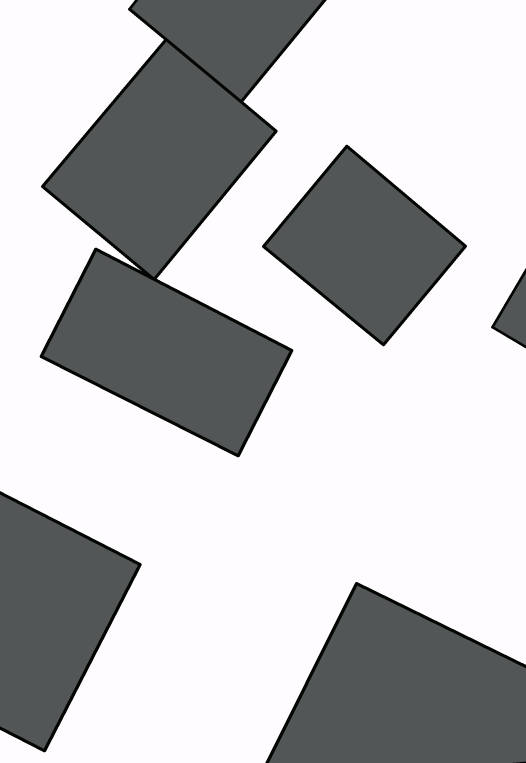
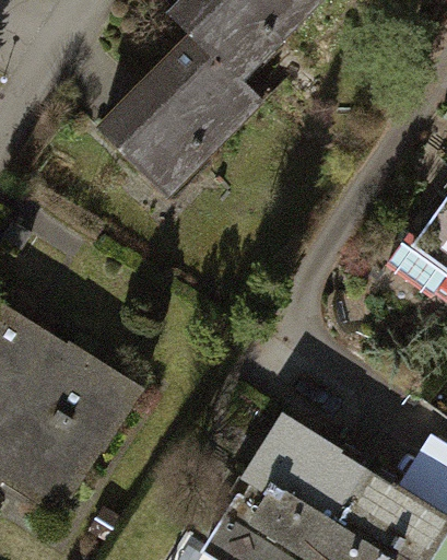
building: [263,146,466,345] -> none
building: [41,249,292,456] -> none

